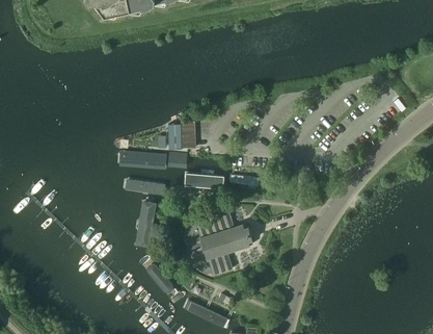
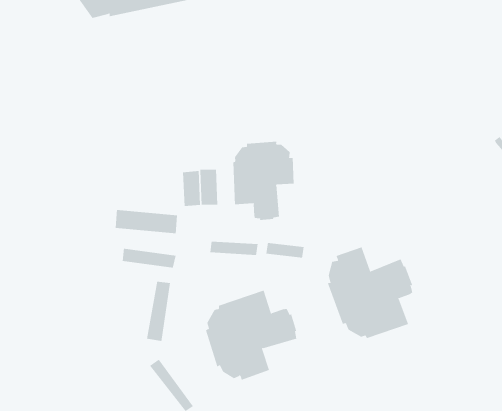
building: none -> [233,141,294,221]
building: none -> [327,247,413,339]

